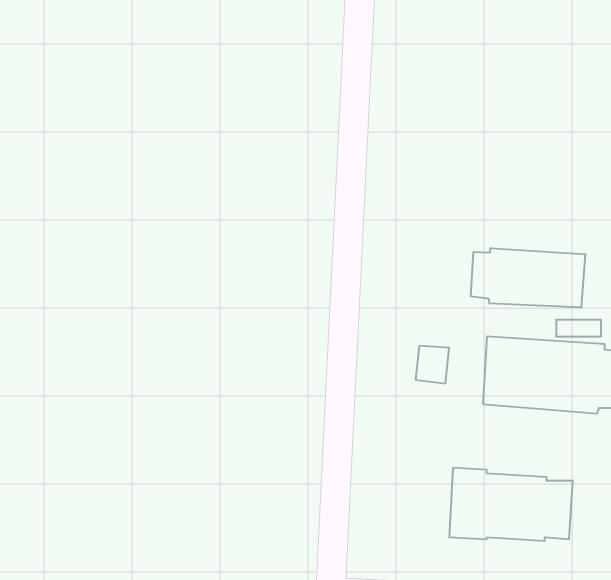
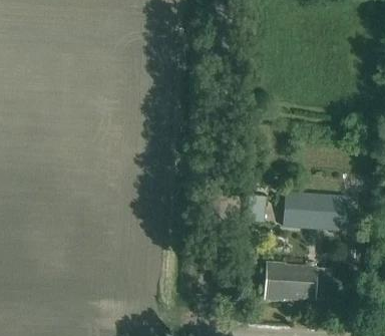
building: [471,248,585,308] -> none

